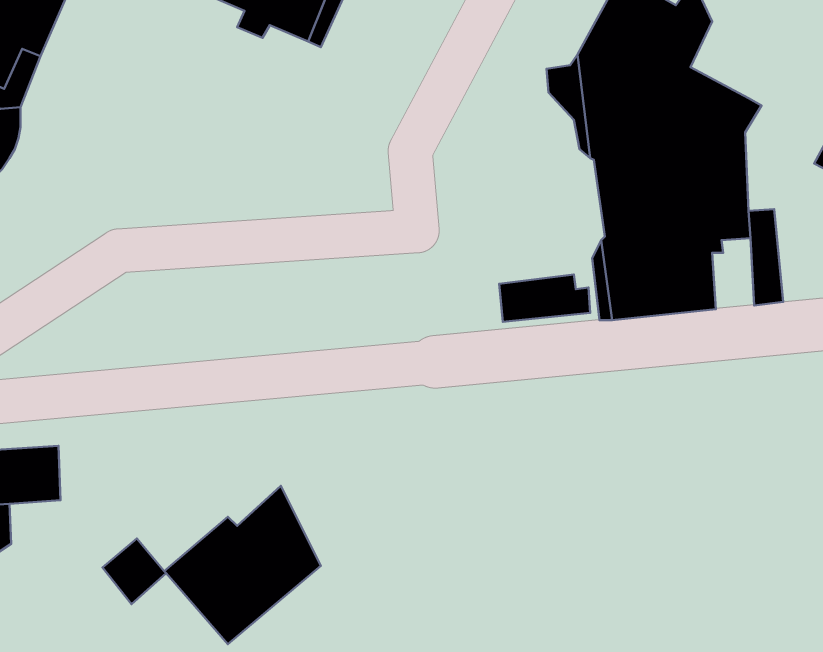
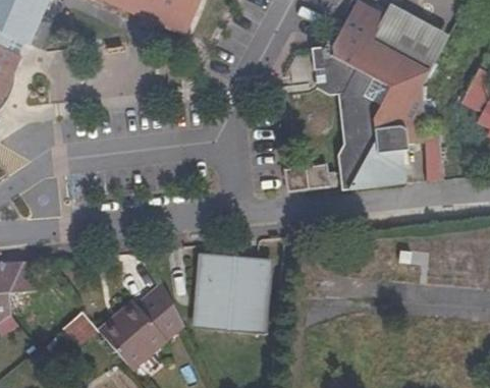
building: none -> [391,21,437,64]
building: none -> [189,252,272,333]

